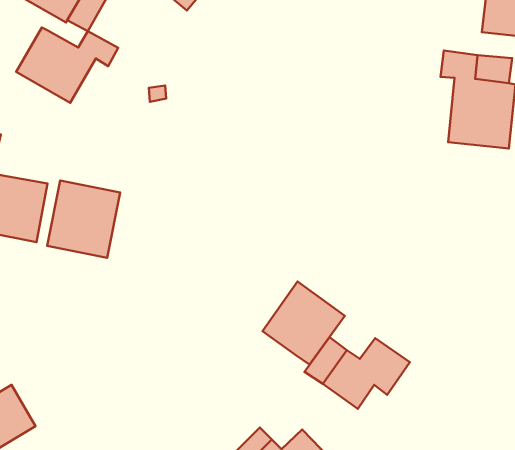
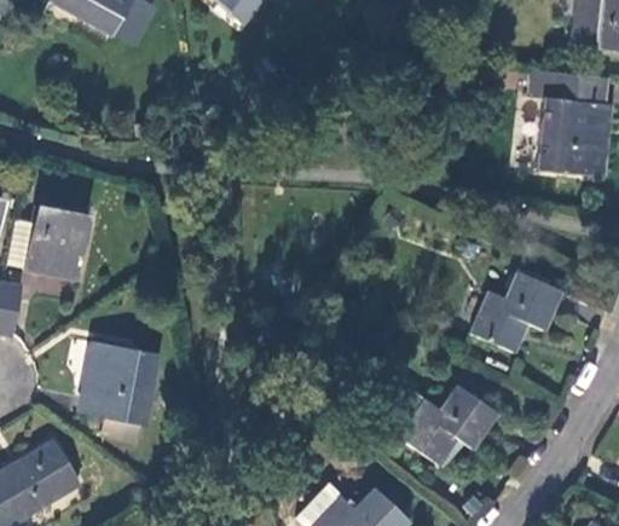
building: [16,28,118,103] -> none
building: [47,180,120,258] -> [77,340,158,426]
building: none -> [470,271,561,352]
building: [263,282,345,365] -> none

